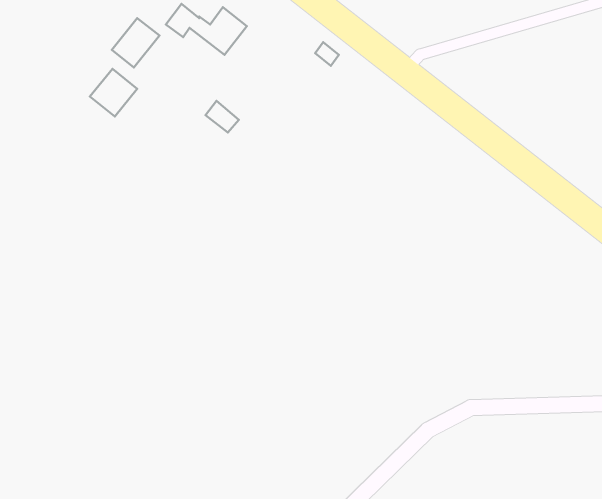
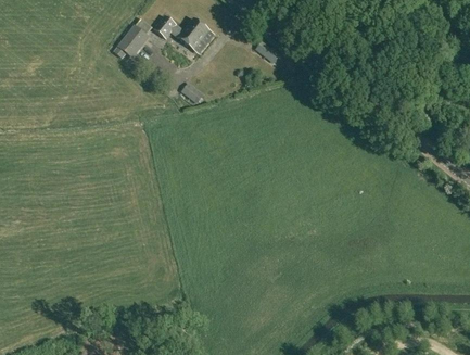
building: [90,69,137,117] -> none

